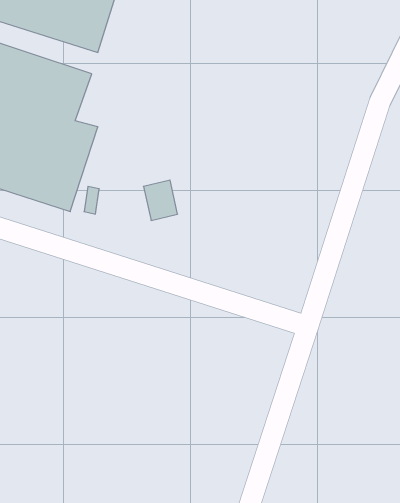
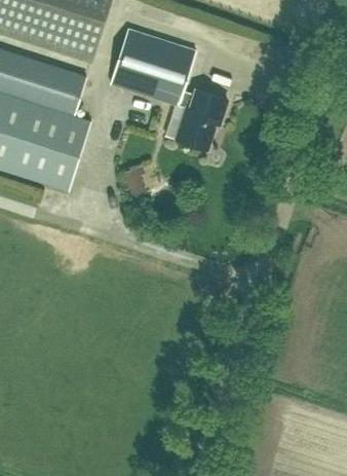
building: none -> [110,29,227,149]

